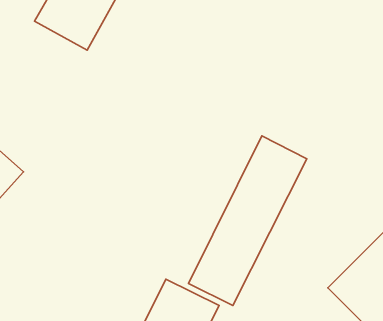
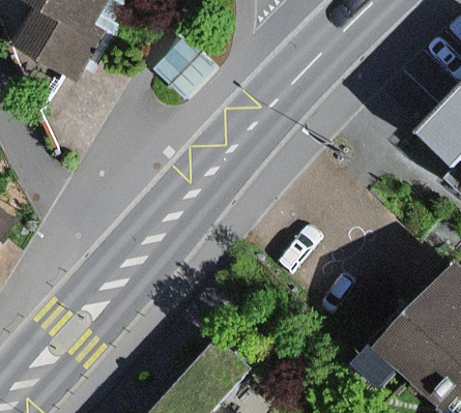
building: [188,136,307,306] -> none

